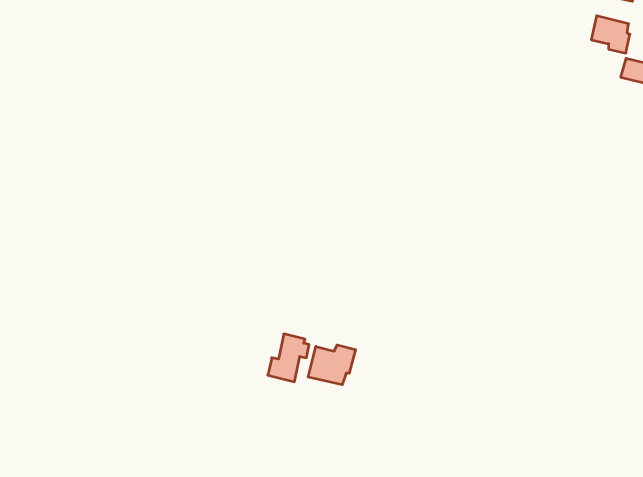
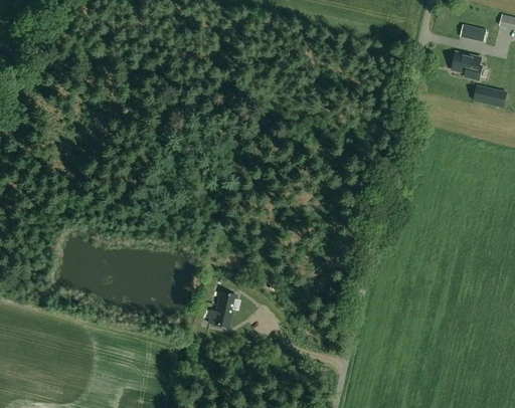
building: [308,345,356,385] -> none

